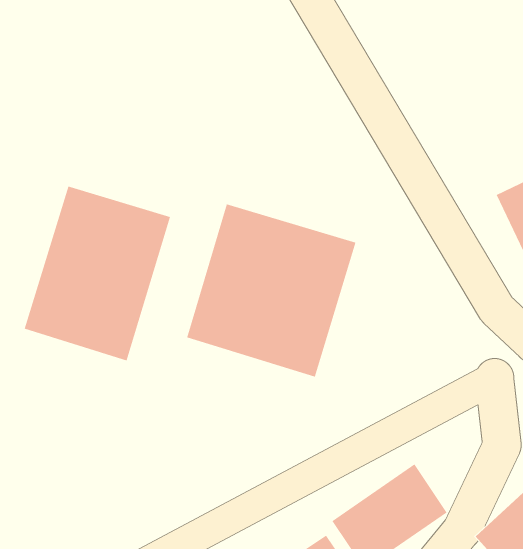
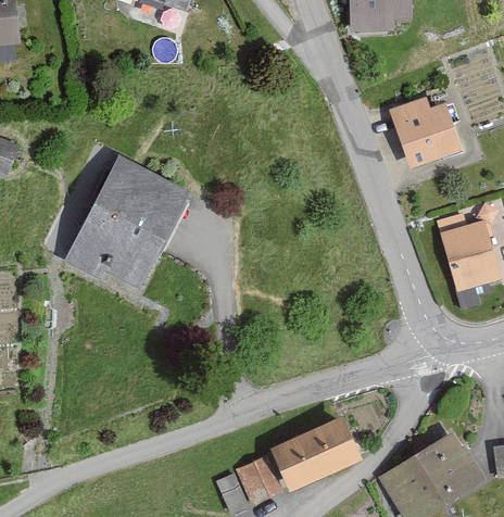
building: none -> [389,99,462,171]
building: [186,204,356,377] -> none

